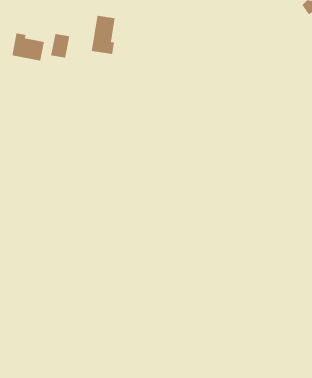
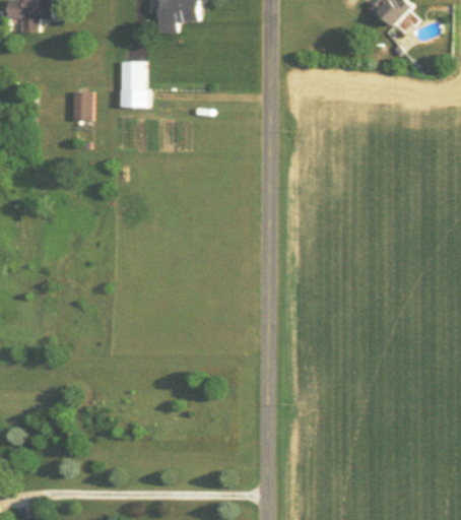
building: [12,33,45,61] -> none

